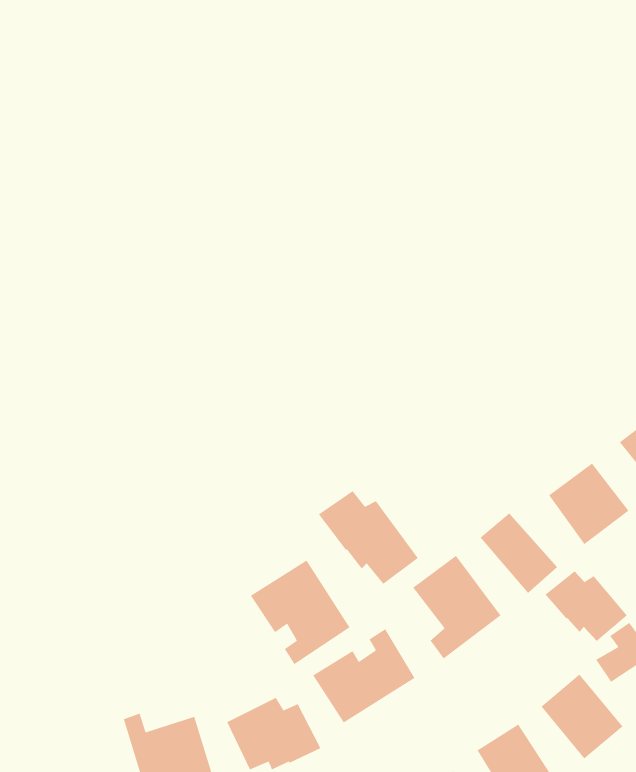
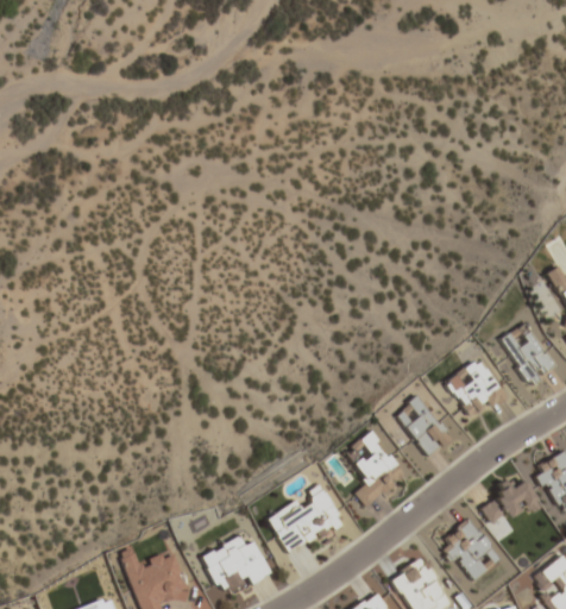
building: [318,490,419,585] -> none
building: [250,560,350,665] -> none
building: [545,570,628,642] -> none

